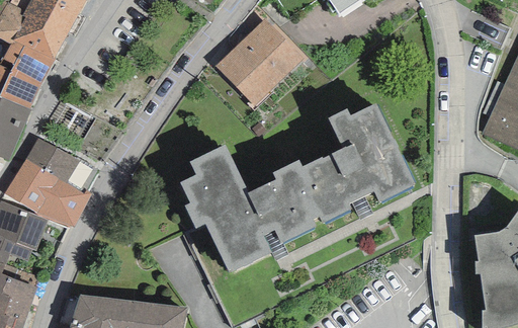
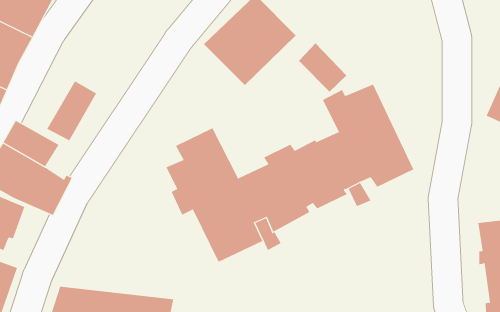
building: none -> [298,43,347,93]
building: none -> [46,80,97,141]

